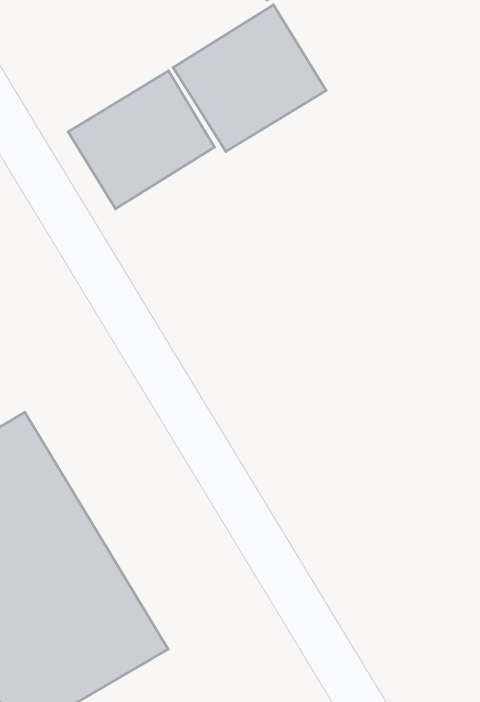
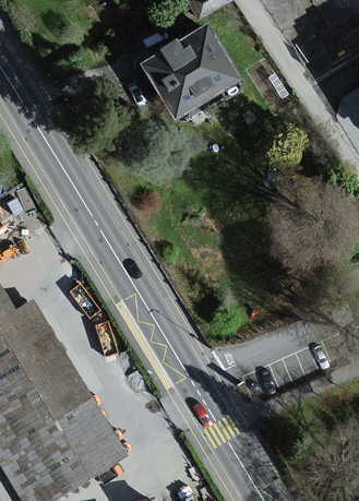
building: [68,71,215,209] -> none

